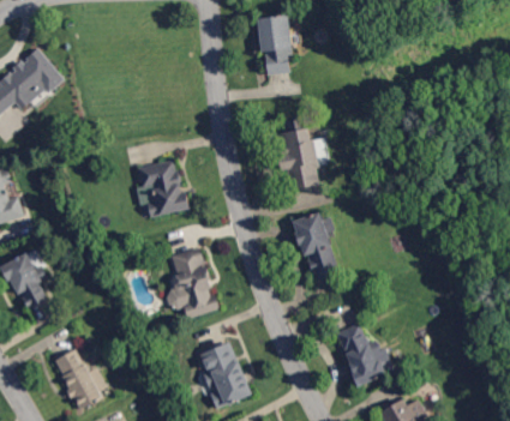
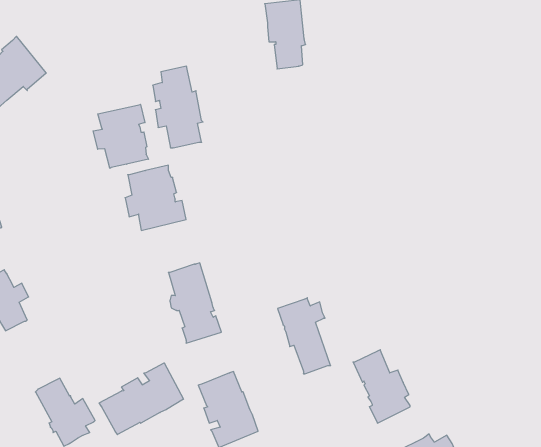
building: none -> [93,104,148,168]
building: [275,119,319,191] -> [153,66,203,148]
building: [293,212,340,279] -> [278,298,331,374]
building: none -> [99,363,183,435]

